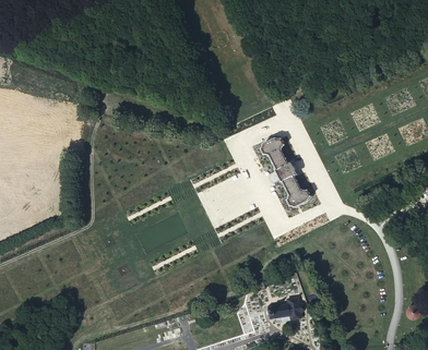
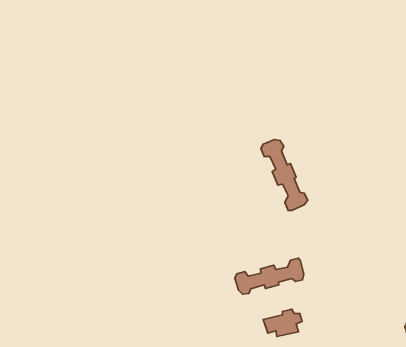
building: none -> [235,258,304,294]

